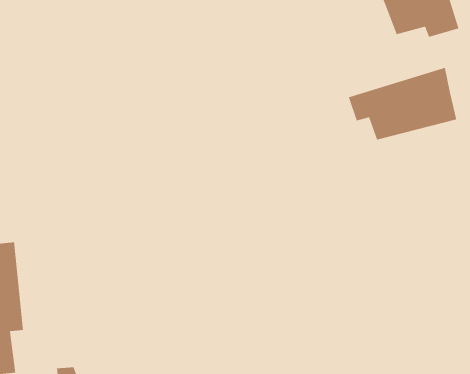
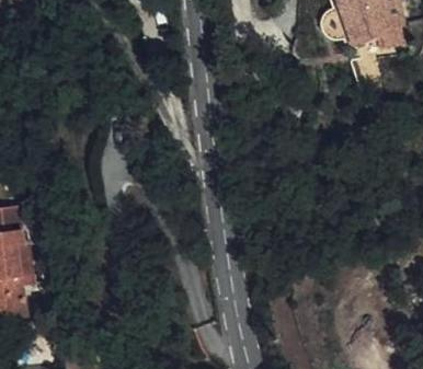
building: [348,67,457,140] -> none

